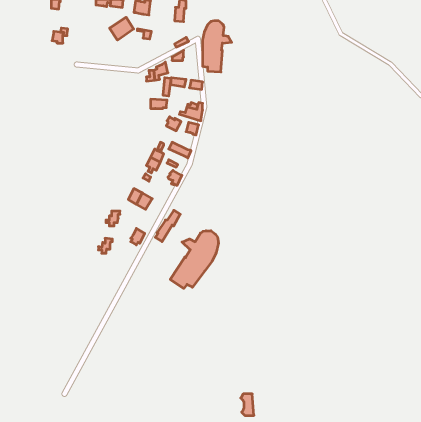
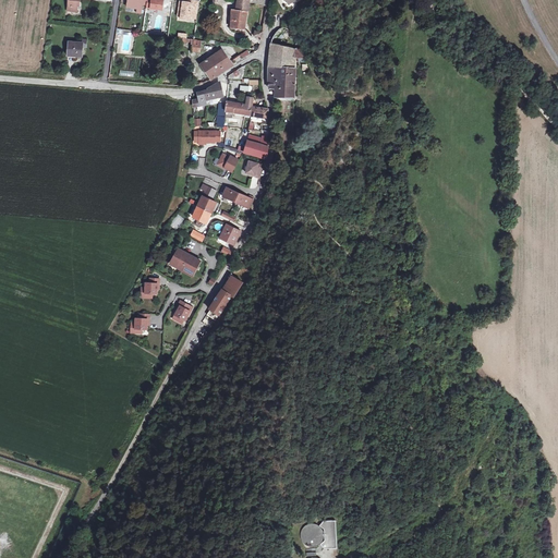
building: [110,17,134,40] -> [199,50,231,80]
building: [170,231,218,288] -> none
building: none -> [299,522,322,545]

